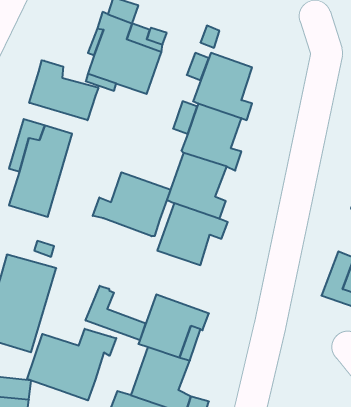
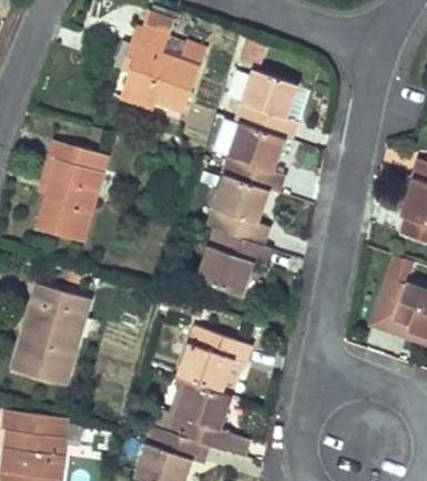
building: [29,60,98,120] -> none
building: [93,172,170,236] -> none
building: [86,286,145,340] -> none
building: [27,329,116,400] -> none

